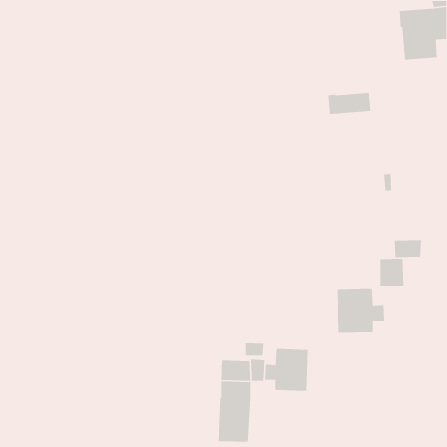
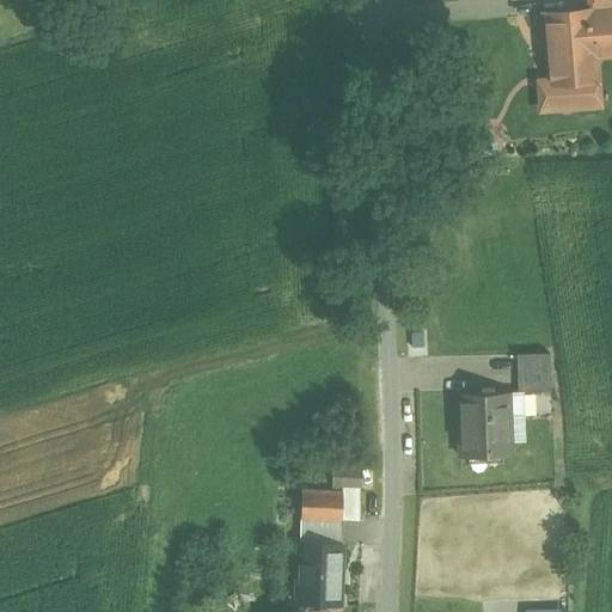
building: [328,92,371,115] -> [540,79,600,110]
building: [394,239,422,258] -> none
building: [264,348,309,392] -> none

